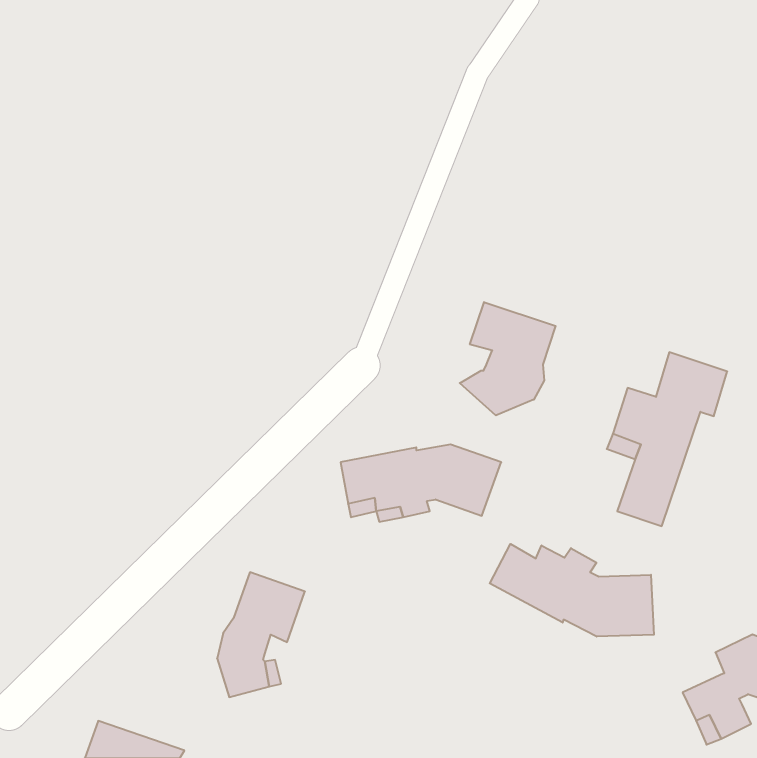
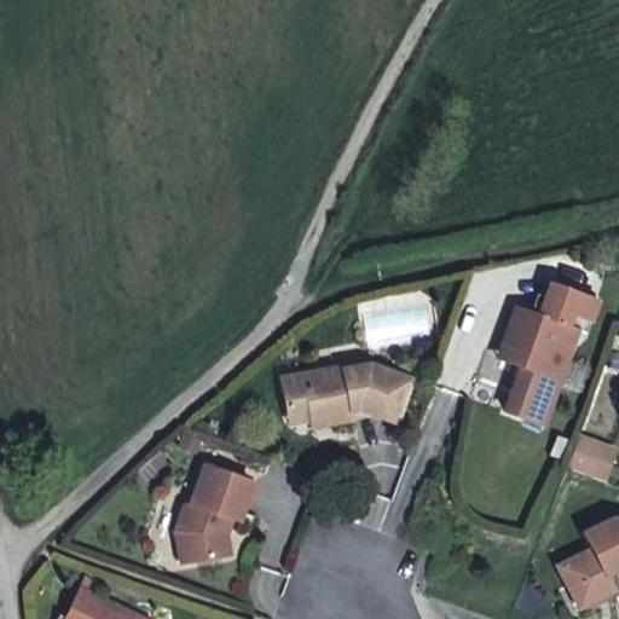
building: [460,302,556,415] -> none
building: [490,544,654,637] -> none

